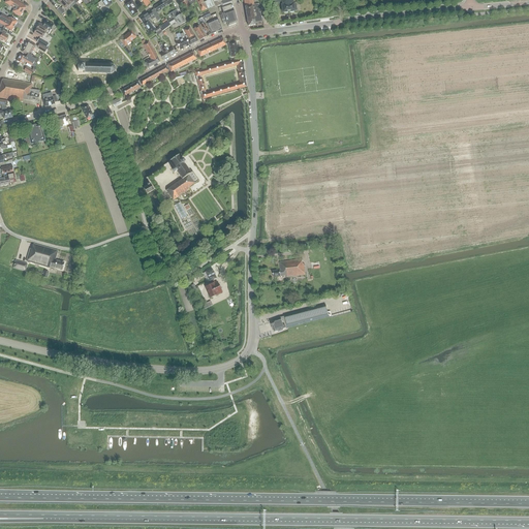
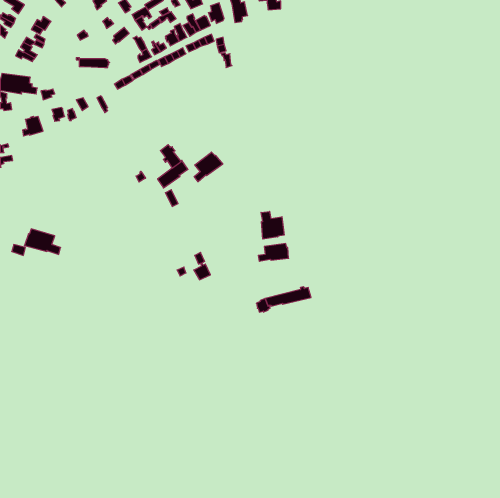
building: none -> [194,152,223,182]
building: none -> [261,211,284,239]

